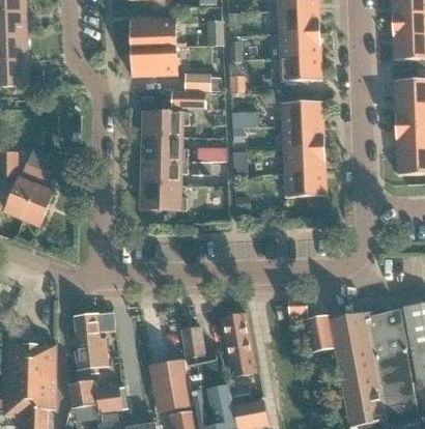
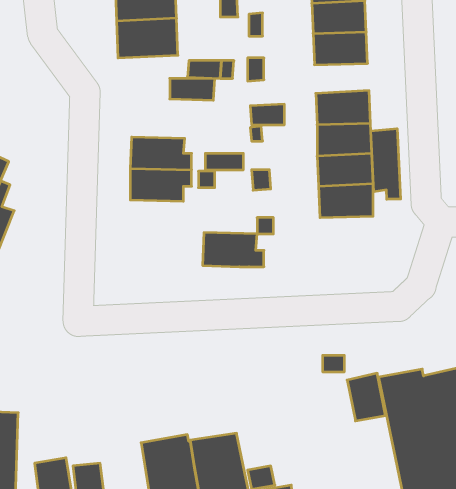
building: [142,112,189,138] -> none
building: none -> [371,129,401,199]
building: [140,184,187,210] -> [203,233,264,267]
building: [224,314,257,377] -> none
building: [74,315,108,370] -> none
building: [181,327,204,359] -> none

